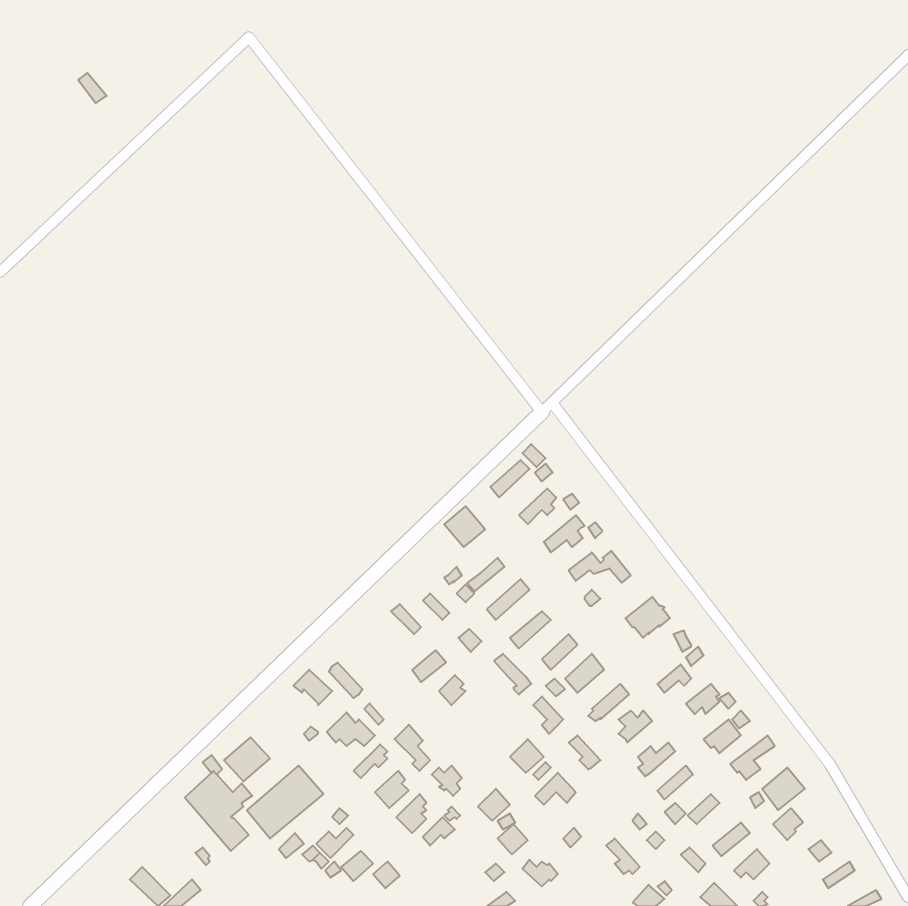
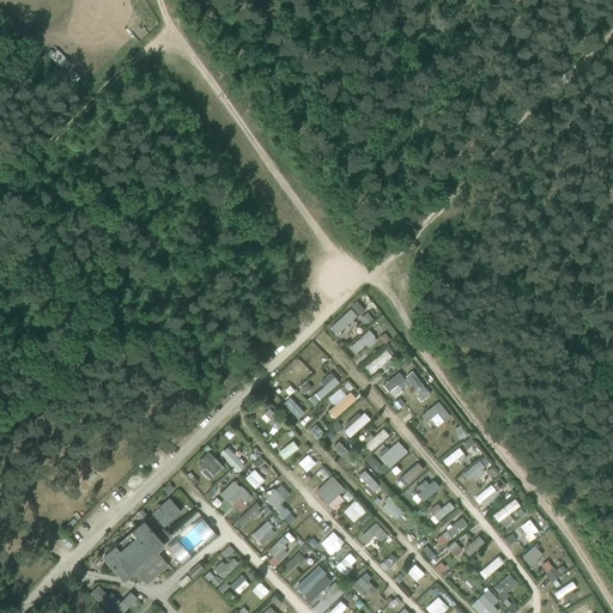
building: none -> [315,475,345,509]
building: none -> [104,538,157,578]
building: none -> [296,565,332,601]

